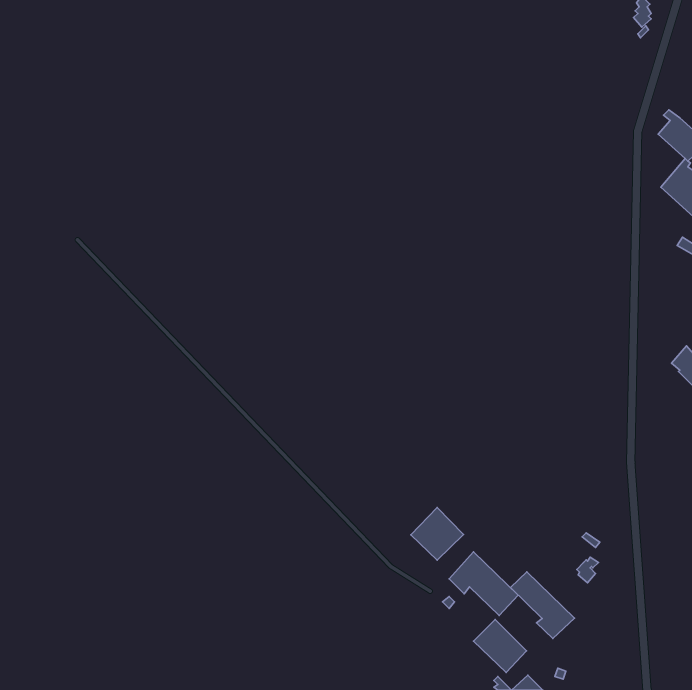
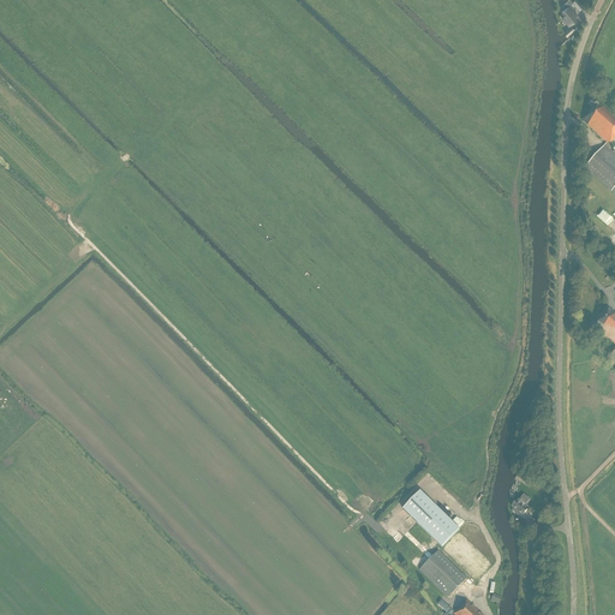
building: [411,507,463,560] -> none
building: [511,572,575,638] -> none

